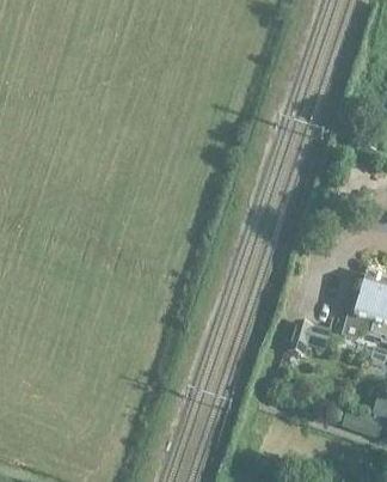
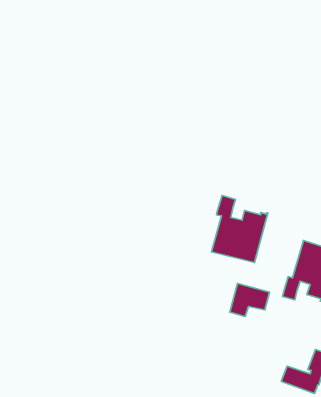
building: none -> [212,196,268,262]

